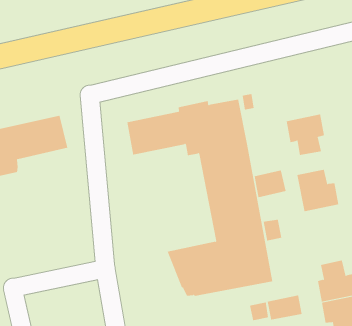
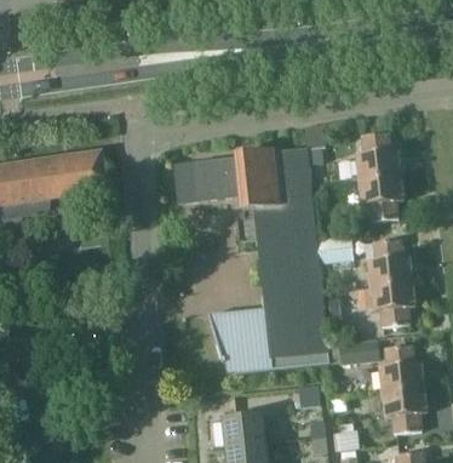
building: none -> [356,132,401,178]
building: none -> [372,280,415,326]
building: [267,295,302,320] -> [339,337,379,364]

